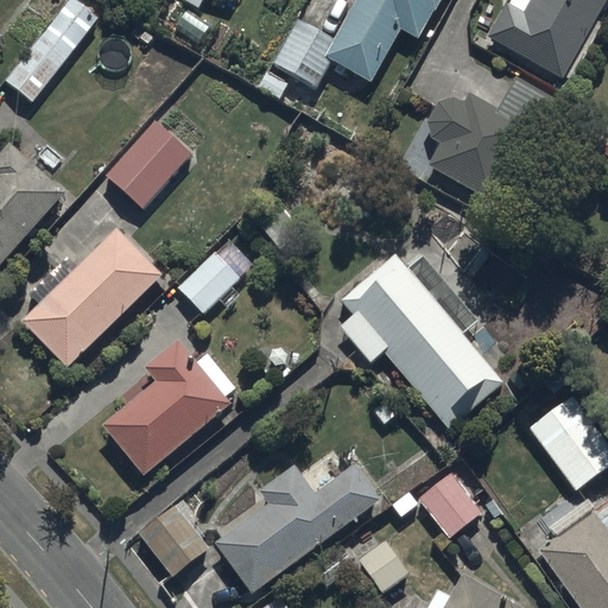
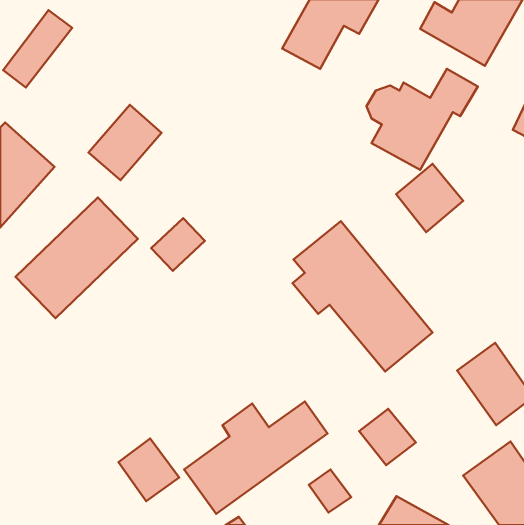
building: [271,19,335,84] -> none
building: none -> [396,164,463,232]
building: [101,338,230,476] -> none

